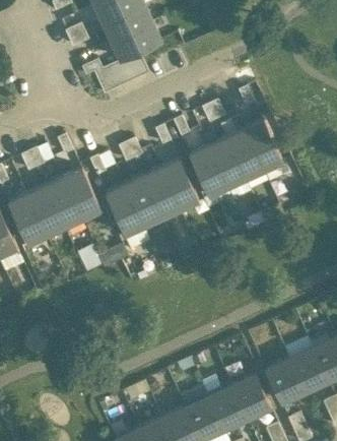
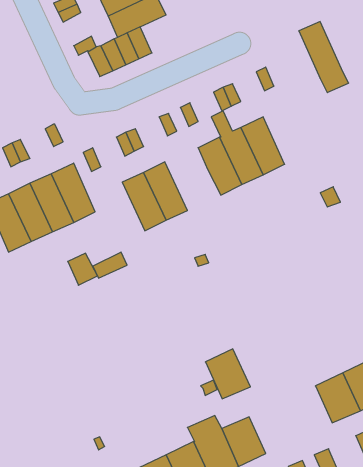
building: [245,121,287,182] -> [299,22,349,93]
building: [160,160,198,209] -> none
building: [106,185,150,250] -> none
building: [265,360,304,402] -> none
building: [232,375,271,418] -> [205,349,250,399]

